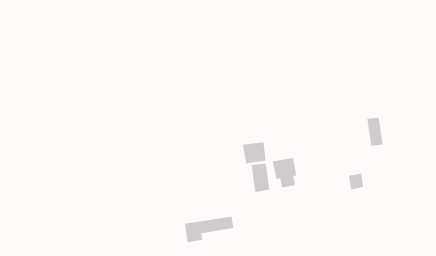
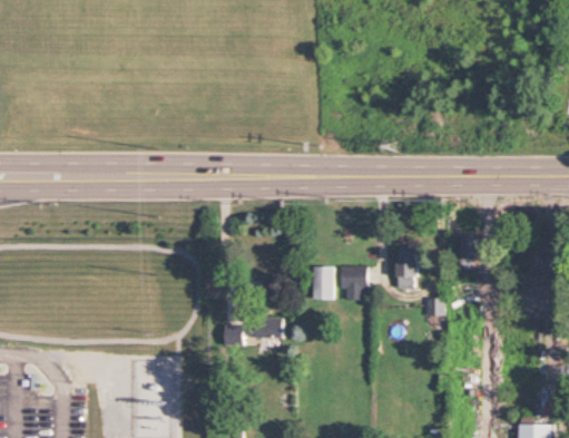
building: none -> [396,247,416,289]
building: [243,141,266,164] -> none

